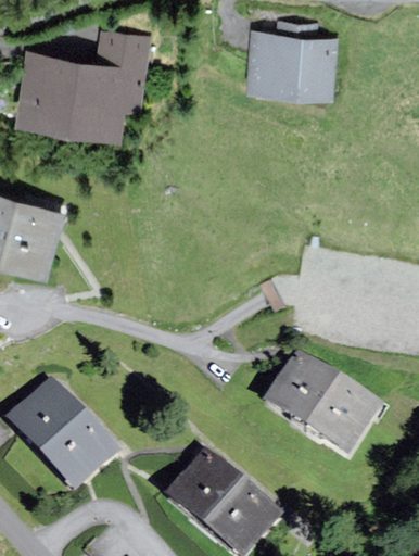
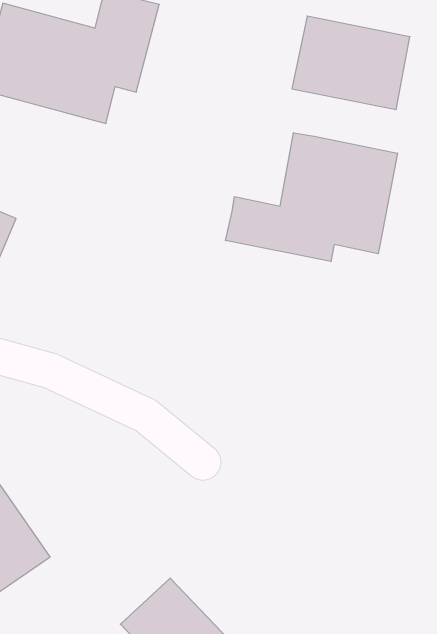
building: none -> [226,133,397,262]
building: [271,357,378,453] -> none

